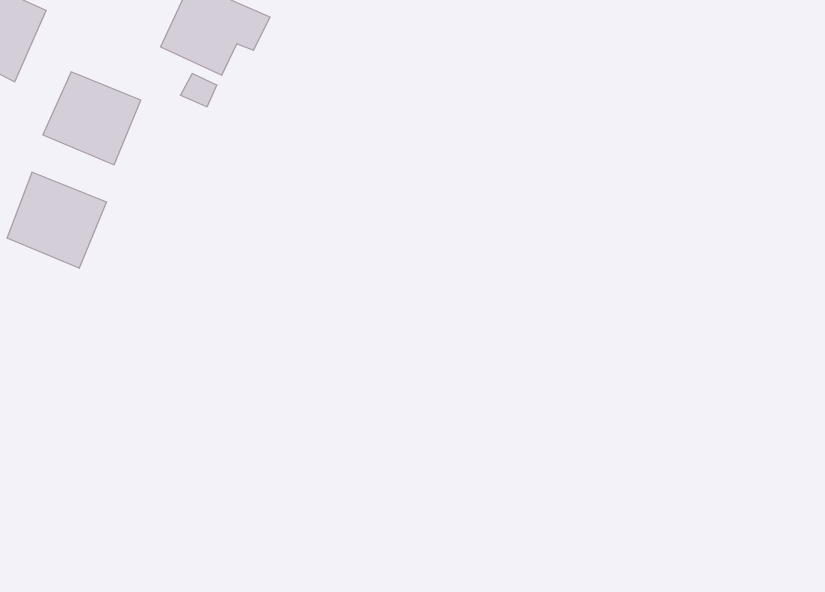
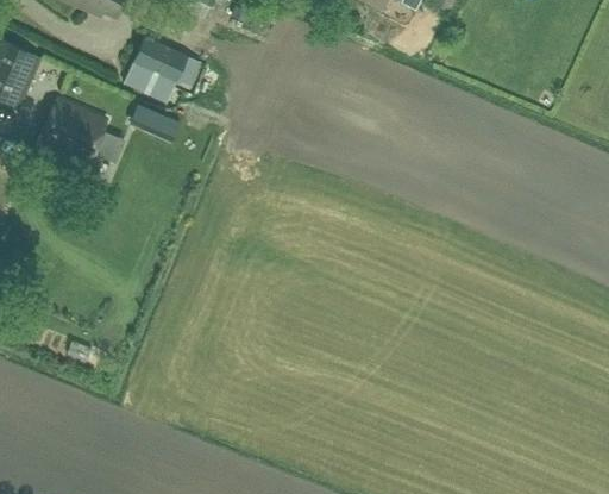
building: [7,172,106,268] -> none

